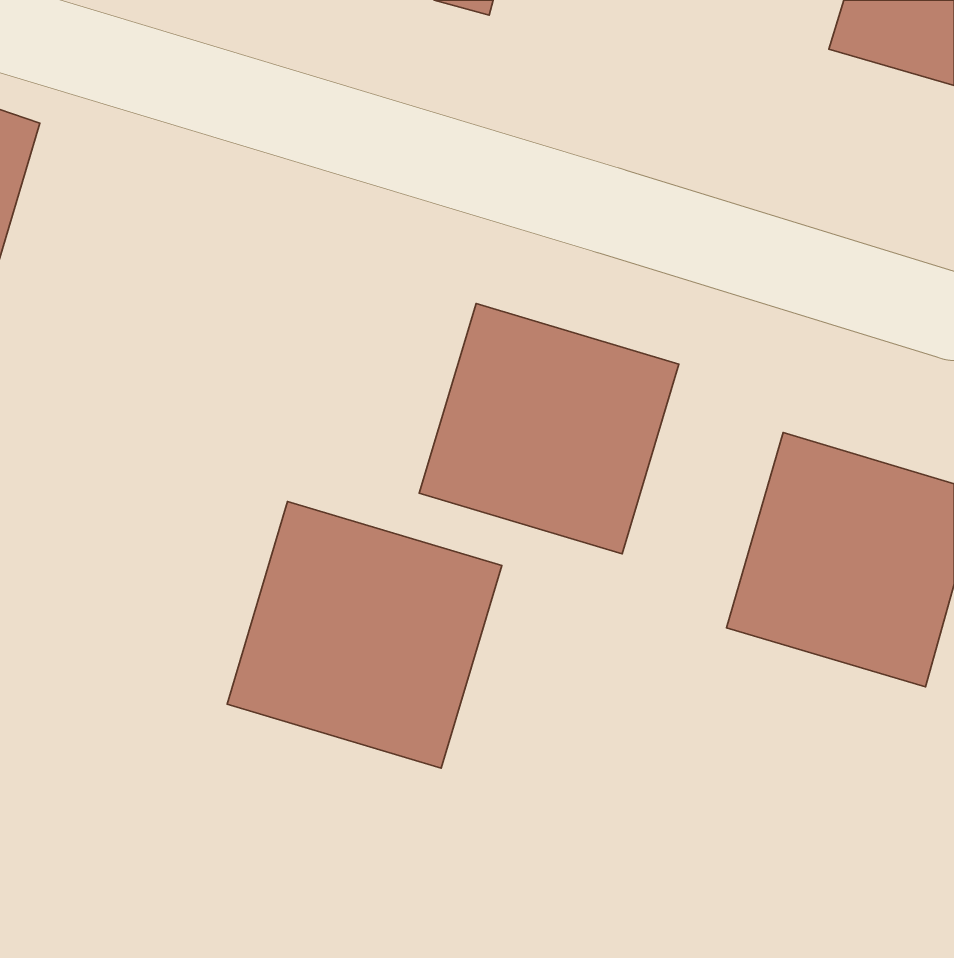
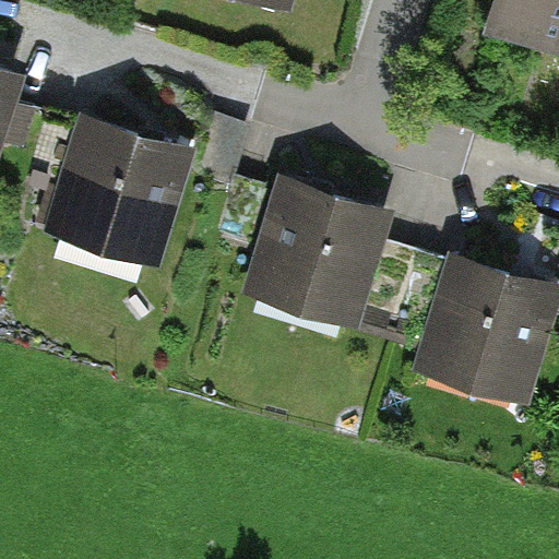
building: none -> [41,117,193,266]
building: [227,501,502,768] -> none

